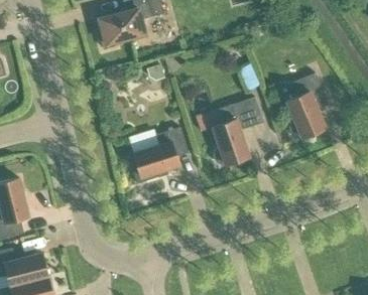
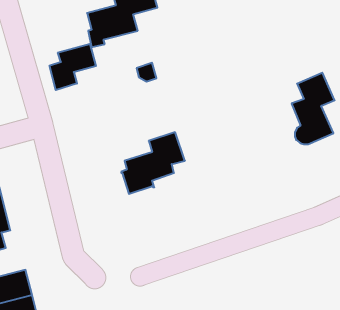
building: none -> [50,44,96,90]
building: [213,97,263,164] -> none

